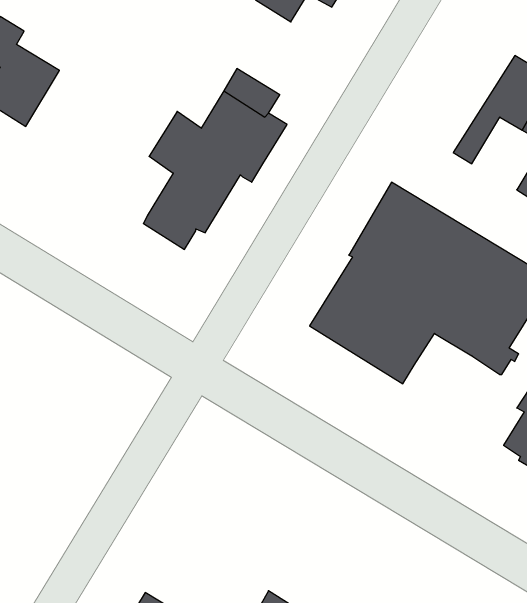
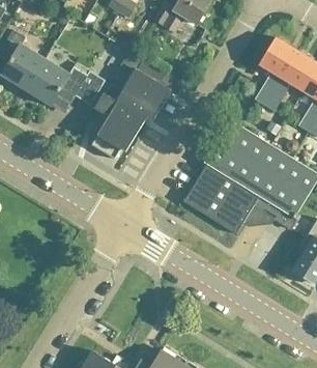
building: none -> [253,37,297,105]
building: none -> [26,59,105,105]

